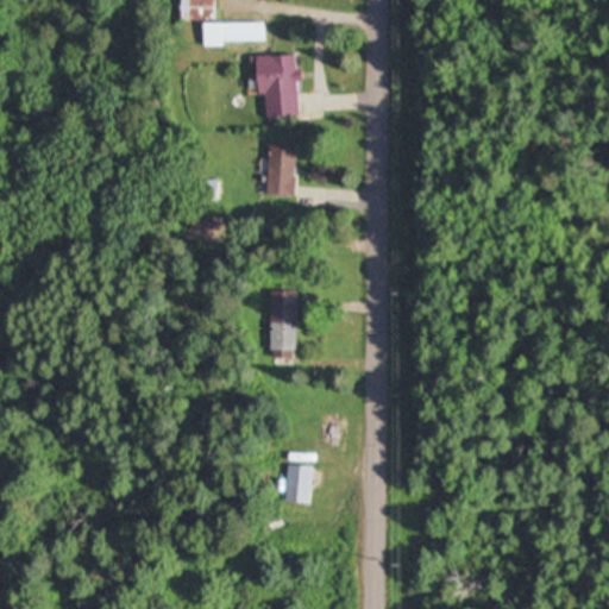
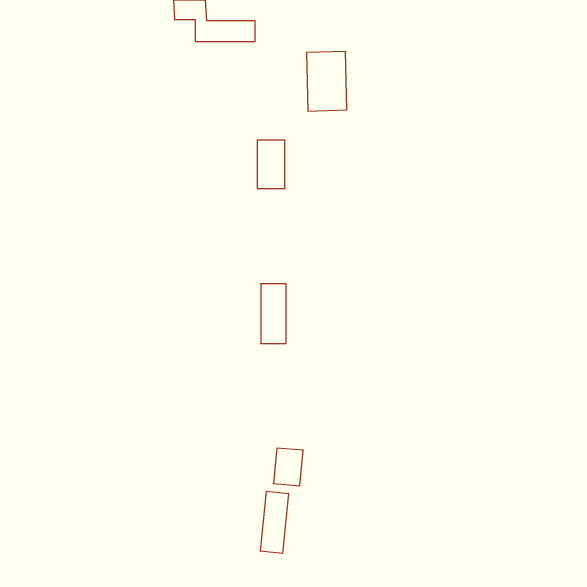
building: [256,55,297,117] -> [307,51,347,111]
building: none -> [261,491,288,553]

